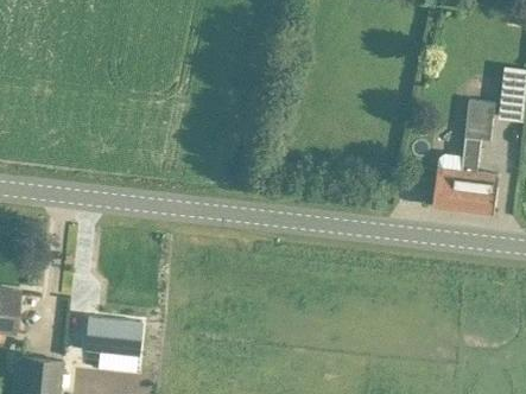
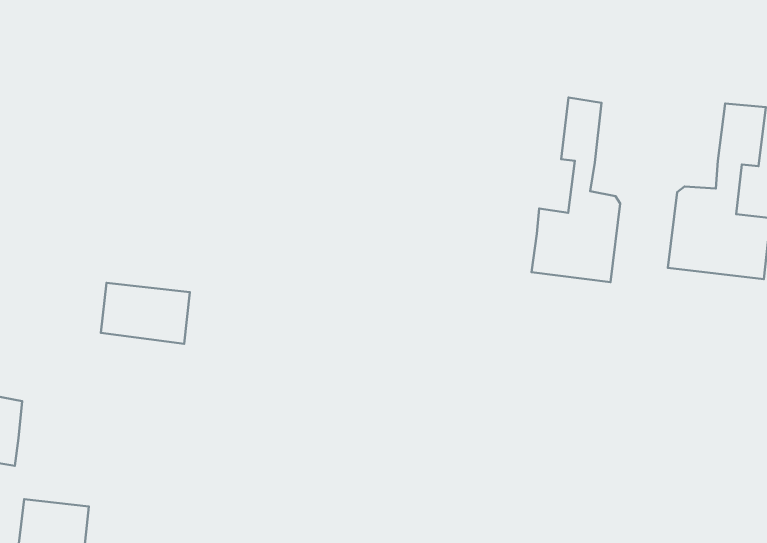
building: none -> [532,98,620,282]
building: [83,318,140,357] -> [101,283,190,344]

